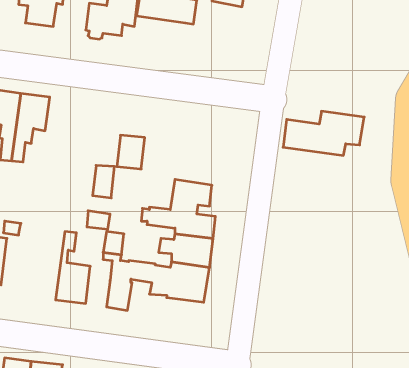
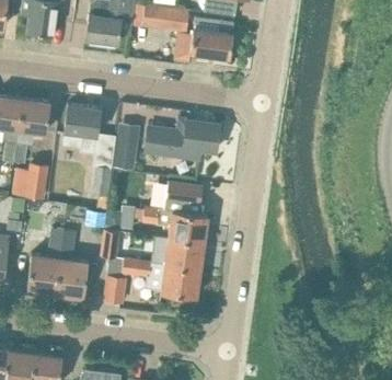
building: none -> [174,16,234,61]
building: none -> [62,104,100,153]
building: [283,111,364,155] -> [143,119,220,161]
building: none -> [12,161,50,199]
building: none -> [27,227,65,293]

